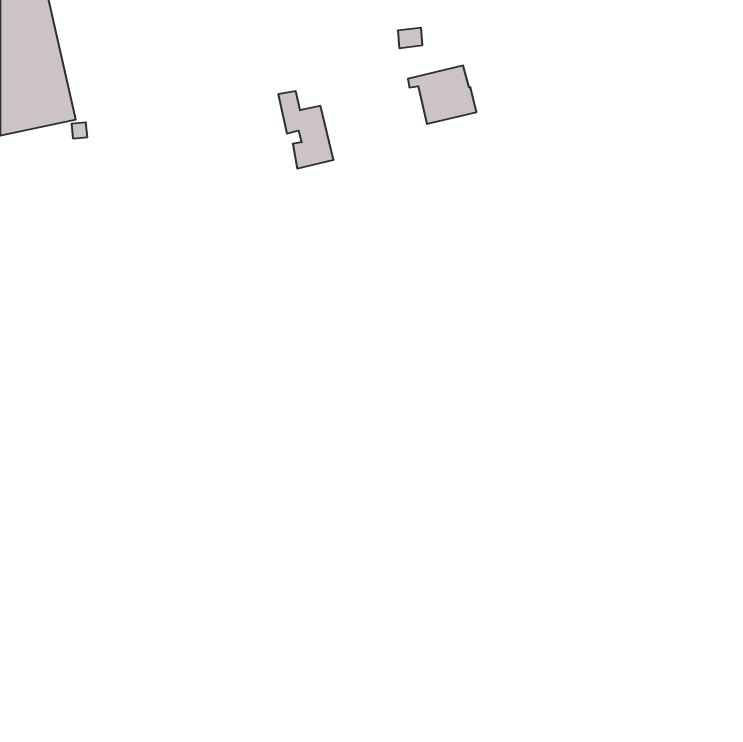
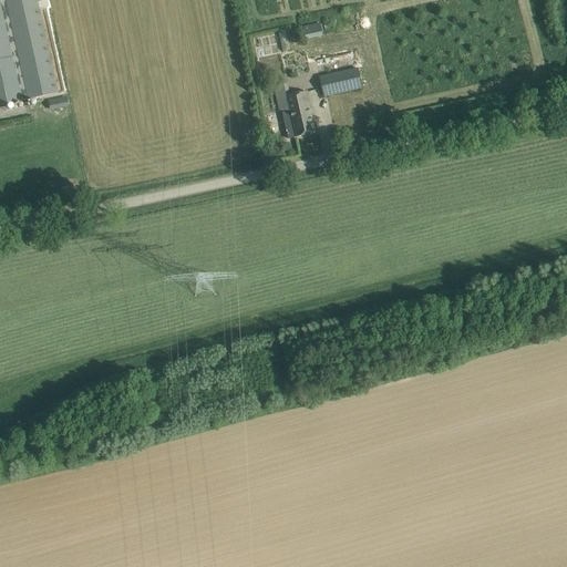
building: [278,91,334,169] -> [275,79,317,137]

